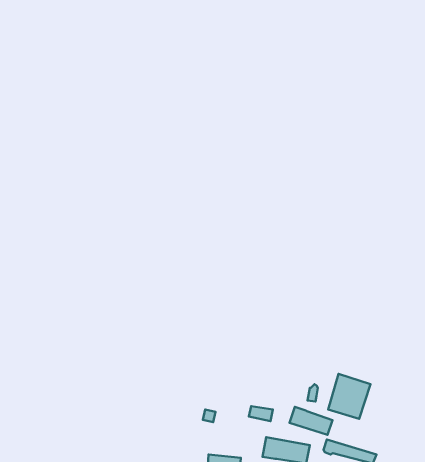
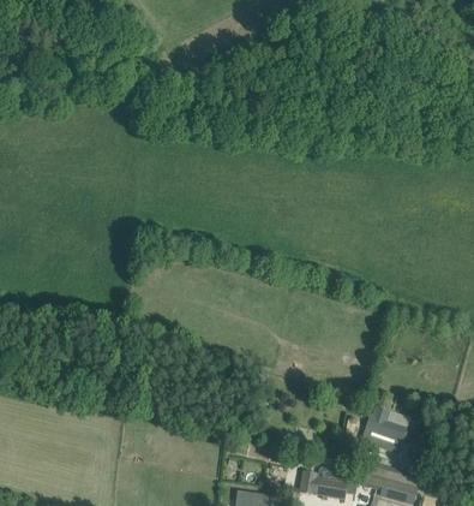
building: [290,407,332,435] -> none

